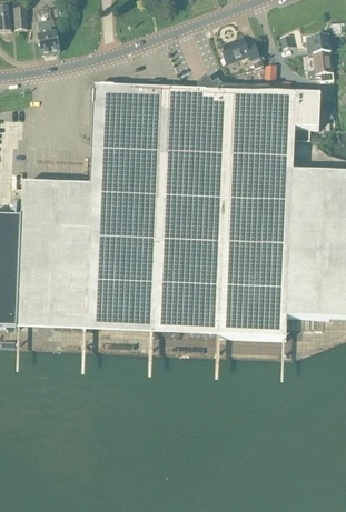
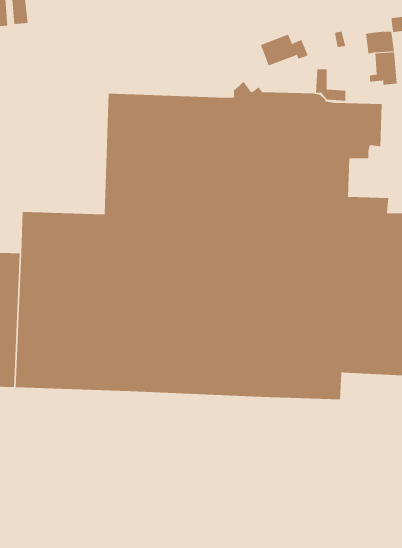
building: [38,16,59,52] -> none

